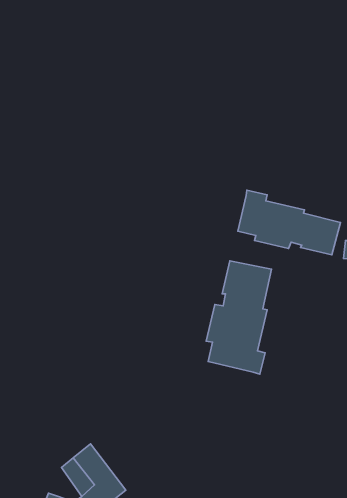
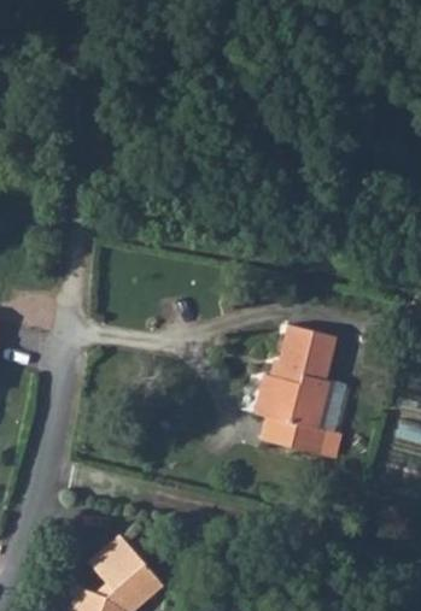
building: [238,190,341,255] -> none

